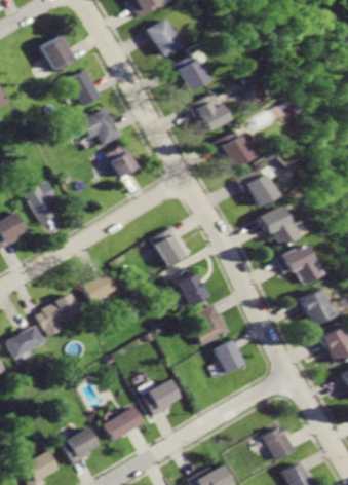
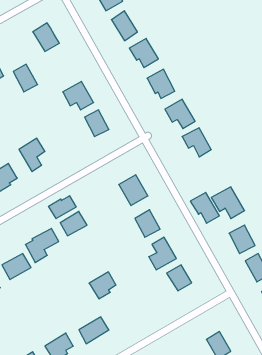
building: [73,71,104,106] -> [13,64,38,92]
building: [257,206,294,245] -> [190,192,219,223]
building: none -> [49,196,76,219]
building: [145,381,179,415] -> [89,272,116,299]

